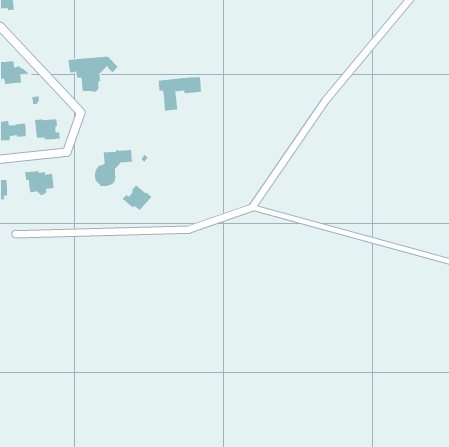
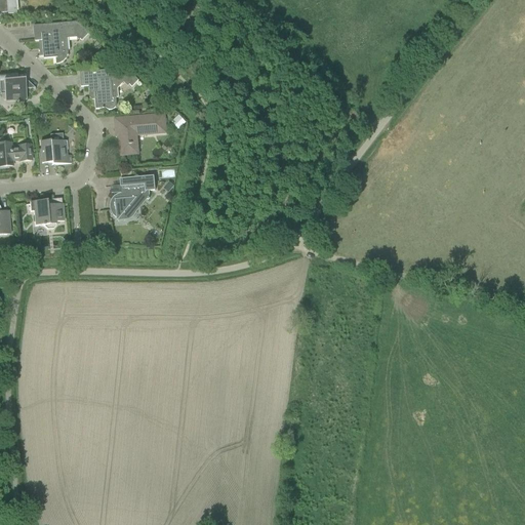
building: none -> [33,19,89,62]
building: [158,77,202,111] -> [114,113,165,153]
building: [122,185,152,211] -> none

